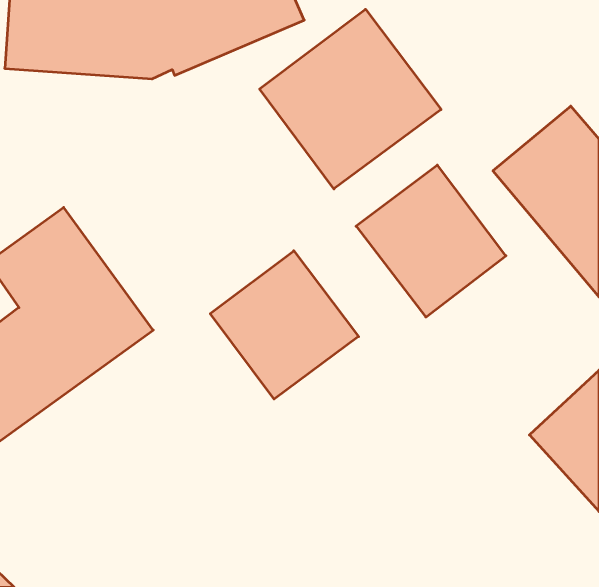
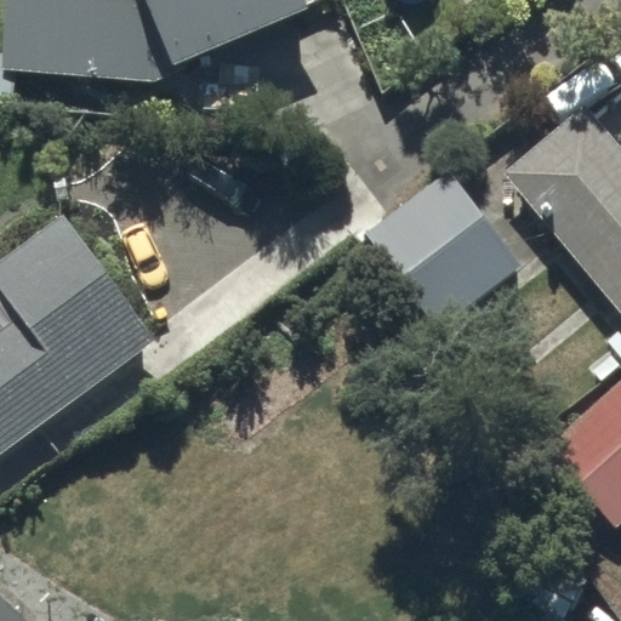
building: [260,9,441,189] -> none
building: [210,251,359,399] -> none

